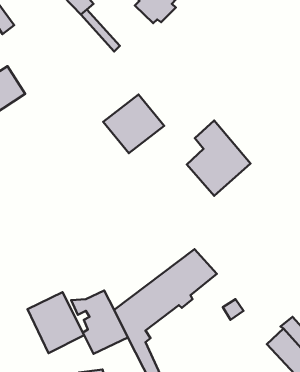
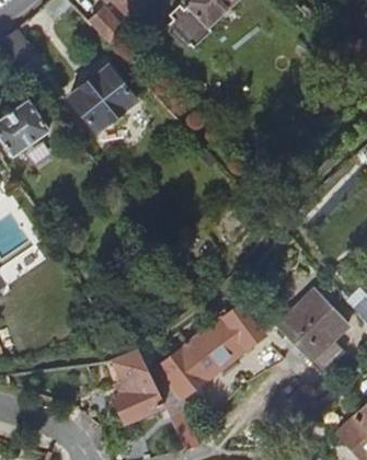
building: [103,95,164,153] -> [69,67,137,133]
building: [187,120,250,196] -> [276,278,347,363]
building: [28,292,84,353] -> none

